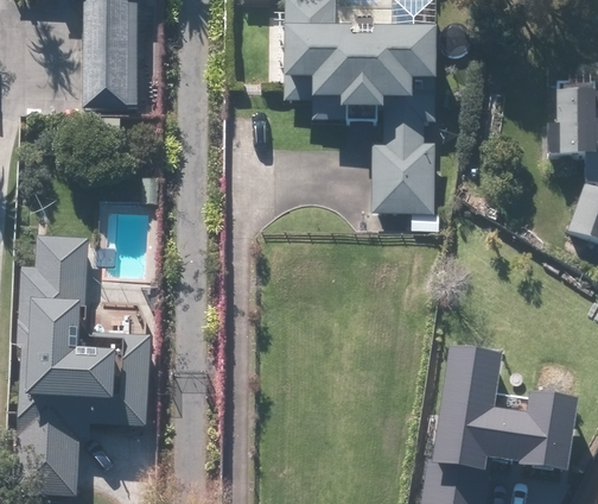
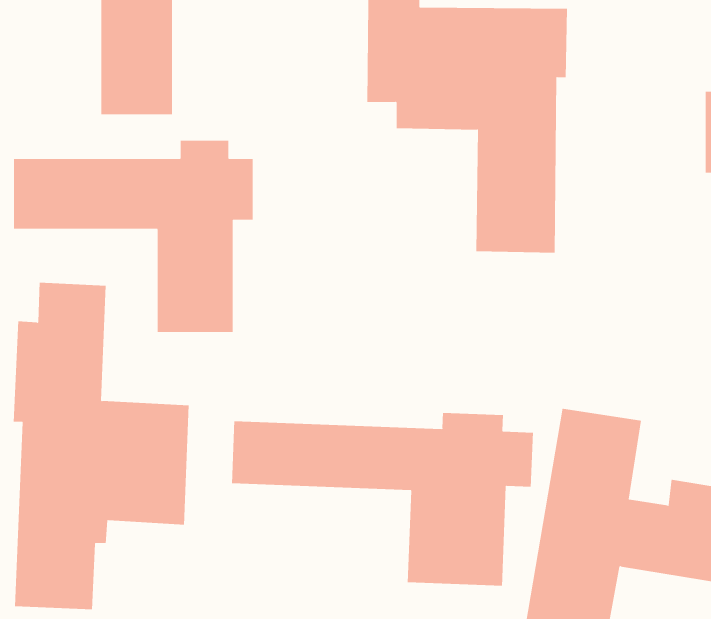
building: none -> [14,140,253,333]
building: none -> [231,412,533,586]

